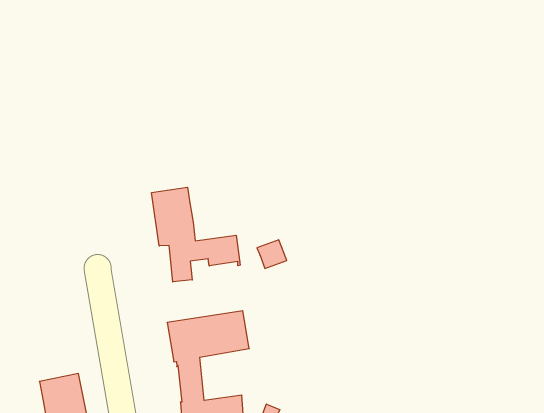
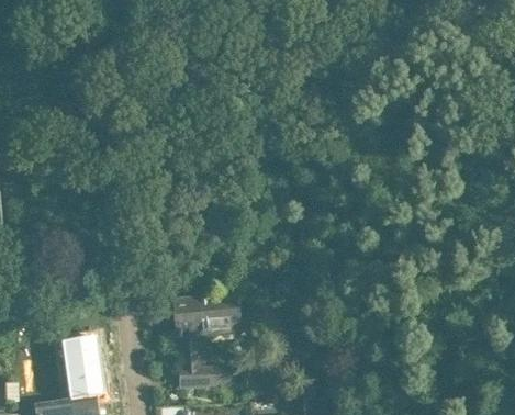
building: [152,187,240,282] -> none

